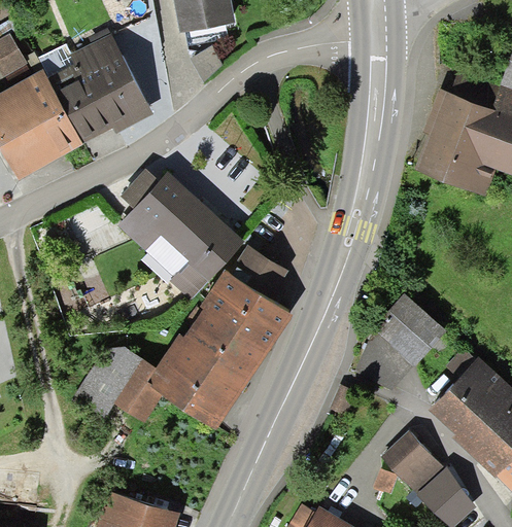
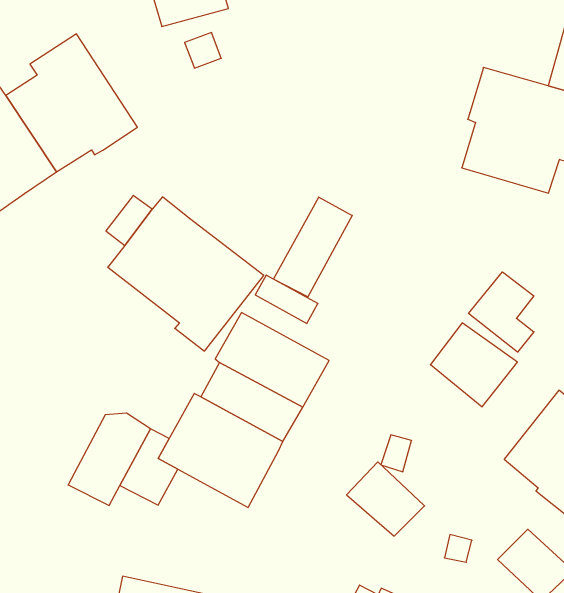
building: none -> [273,197,352,297]
building: none -> [469,272,534,352]
building: [381,429,444,491] -> [347,462,425,536]

